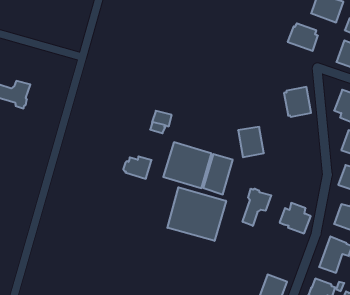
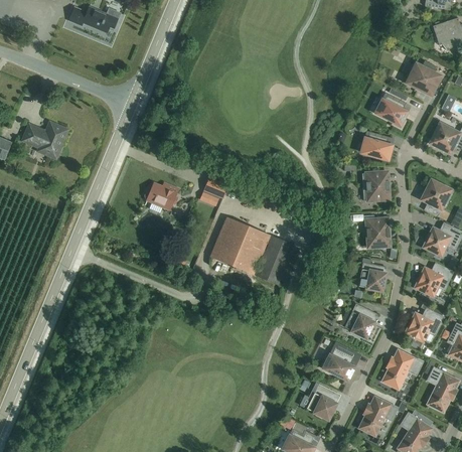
building: none -> [358,132,394,162]
building: [238,127,264,157] -> [364,216,392,250]
building: [123,156,152,179] -> [144,182,178,209]
building: none -> [358,262,387,293]
building: [167,187,226,241] -> none
building: [243,189,271,226] -> none
building: none -> [320,342,358,383]

